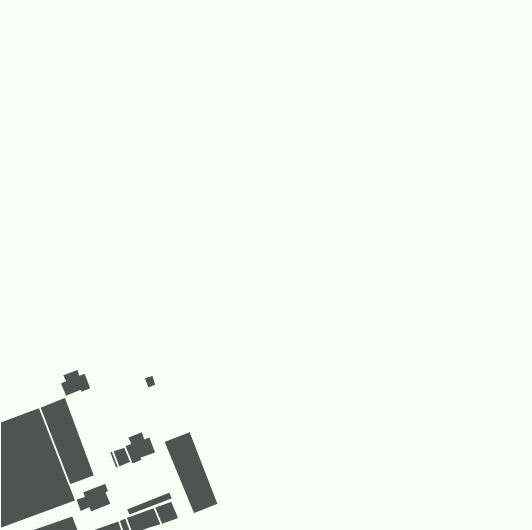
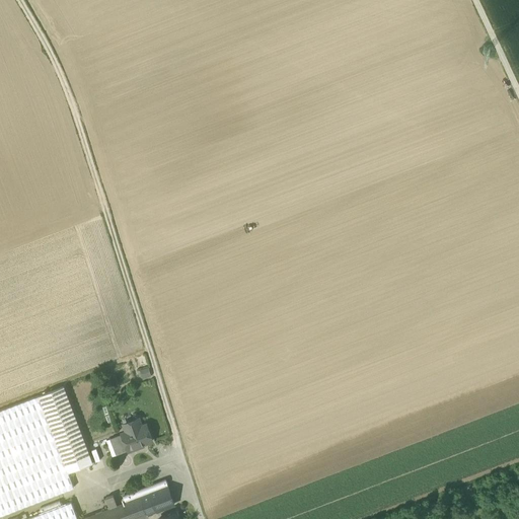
building: [60,369,91,397] -> none
building: [164,431,219,514] -> none
building: [75,483,112,512] -> none

